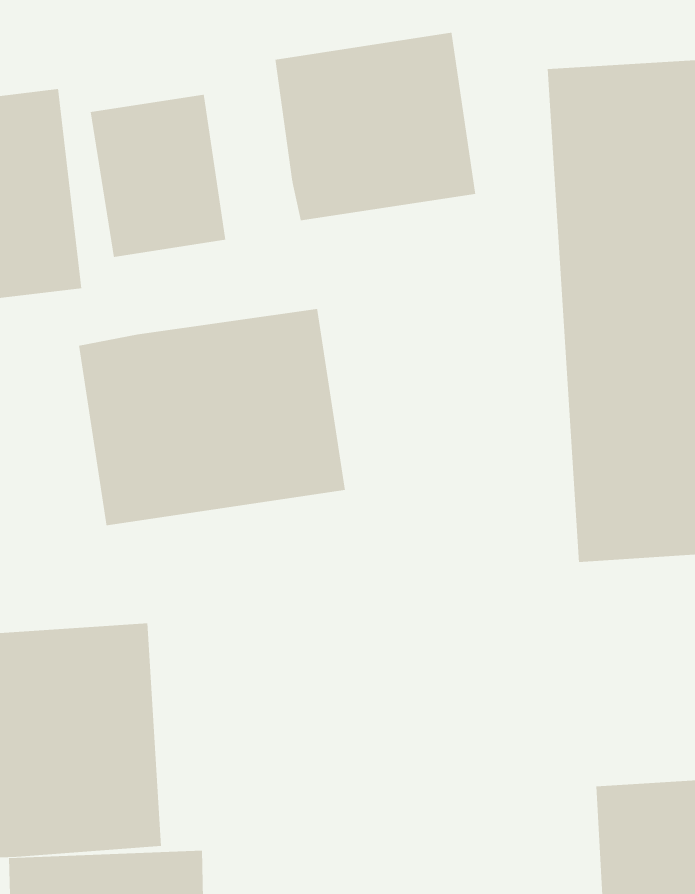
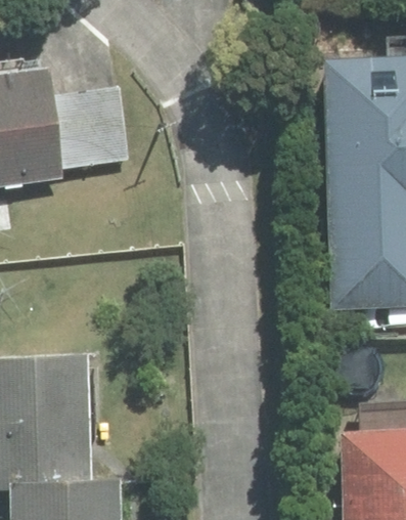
building: [275,32,476,221] -> none
building: [78,308,346,526] -> none

